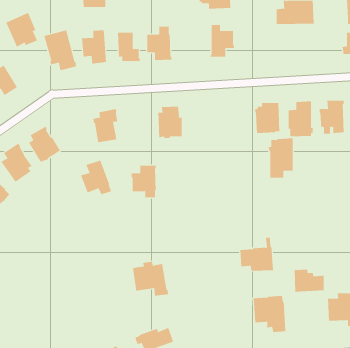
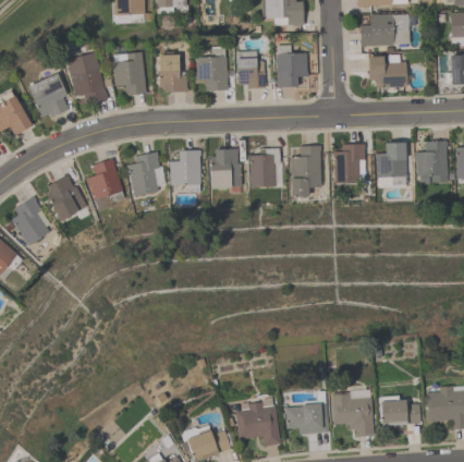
building: [5,12,38,47] -> [27,73,69,118]
building: none -> [236,51,266,88]
building: none -> [368,54,407,87]
building: none -> [249,148,282,186]
building: [268,138,294,178] -> [289,145,321,196]
building: [80,160,112,195] -> [86,158,126,203]
building: [131,165,157,198] -> [169,150,202,192]
building: [240,237,274,271] -> [285,390,329,434]
building: [132,261,169,296] -> [235,401,282,446]
building: [294,269,325,292] -> [380,396,419,425]

